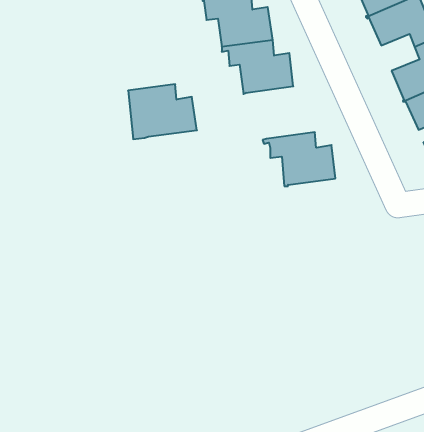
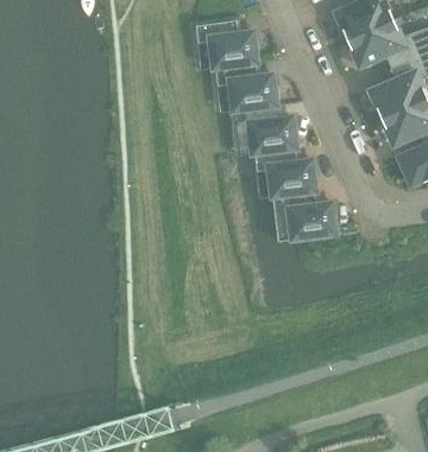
building: [128,84,197,139] -> [233,106,297,157]
building: none -> [272,191,336,242]

